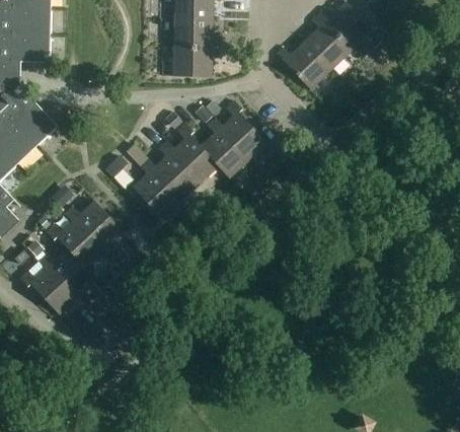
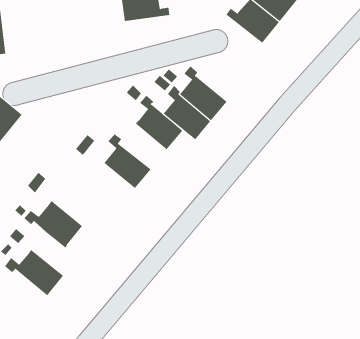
building: [171,47,220,76] -> none
building: [150,141,198,200] -> none
building: [63,200,122,247] -> none
building: [35,248,95,295] -> none

